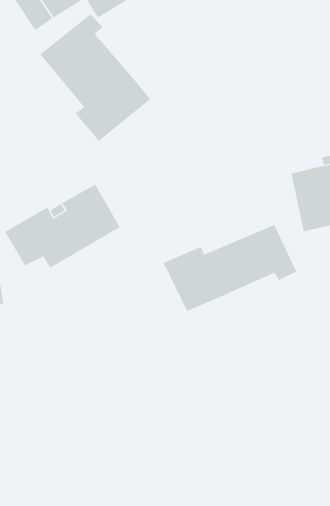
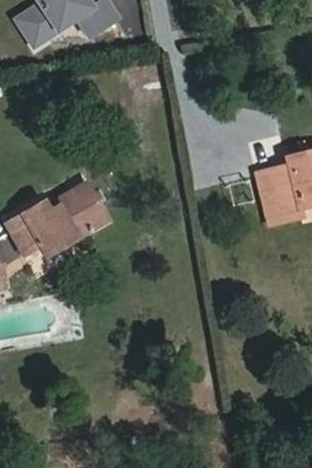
building: [39,14,151,142] -> none
building: [163,224,297,312] -> none

